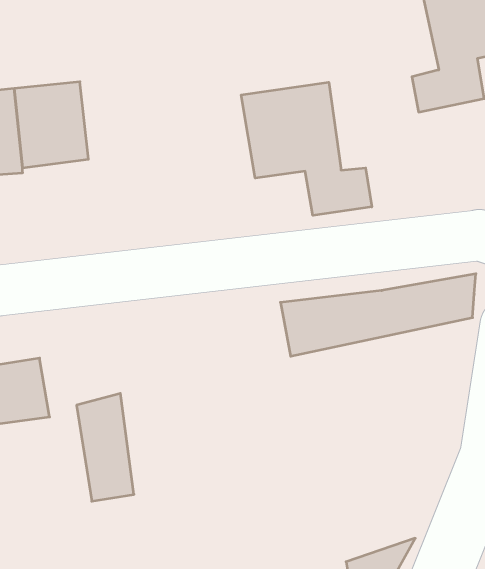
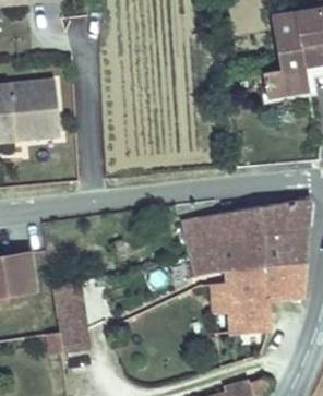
building: [241,82,372,215] -> none
building: none -> [189,231,307,343]

